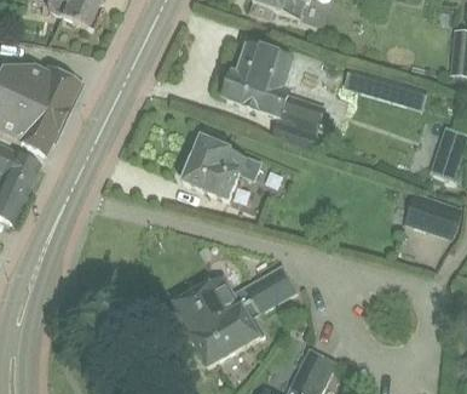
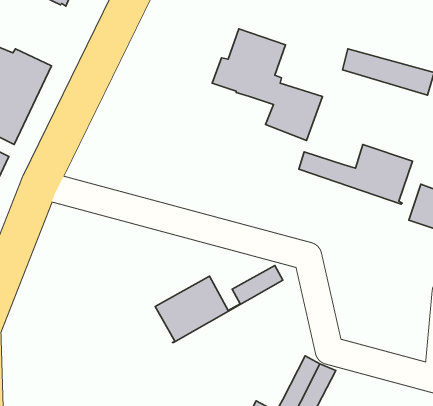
building: [178,127,261,201] -> none
building: none -> [299,145,413,204]
building: [190,278,296,366] -> none

